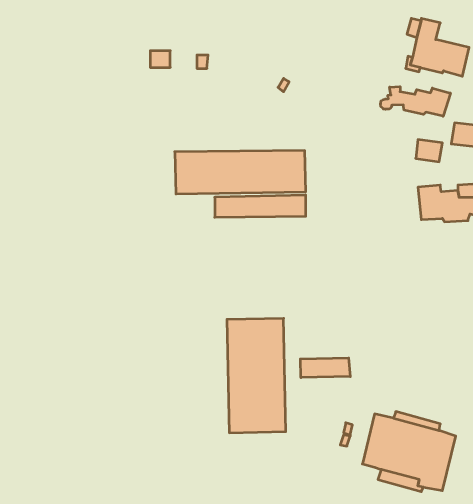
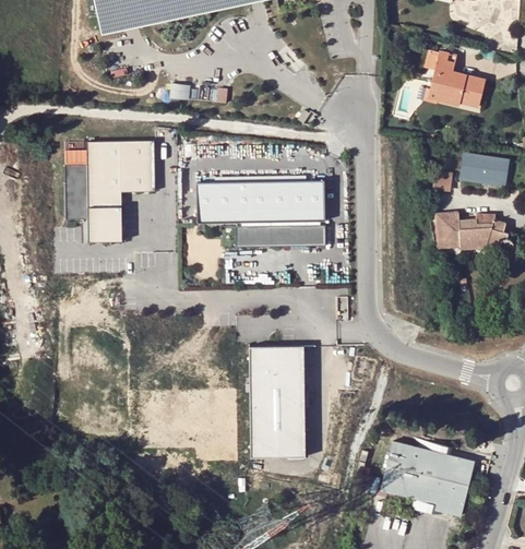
building: [381,87,450,116] -> none
building: none -> [65,140,156,240]
building: [300,358,350,378] -> none

